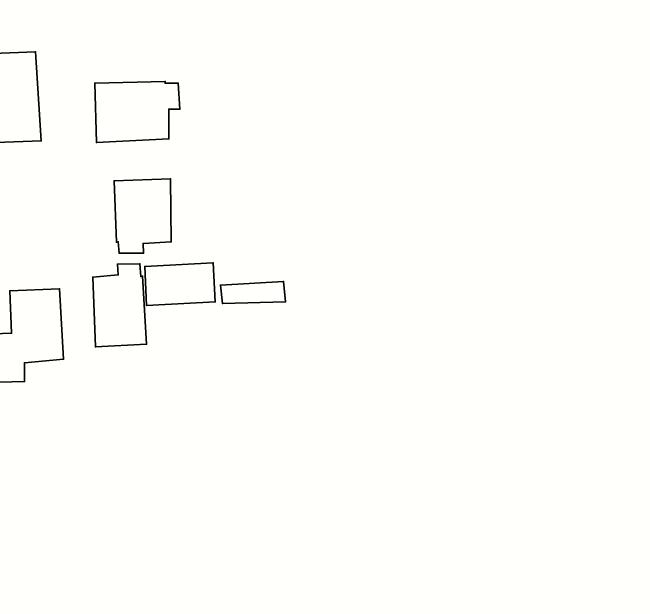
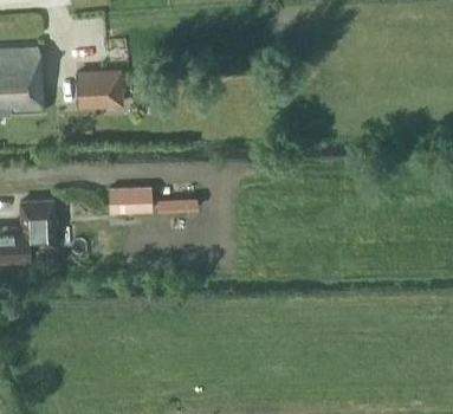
building: [114,179,171,253] -> none
building: [93,264,147,347] -> none

